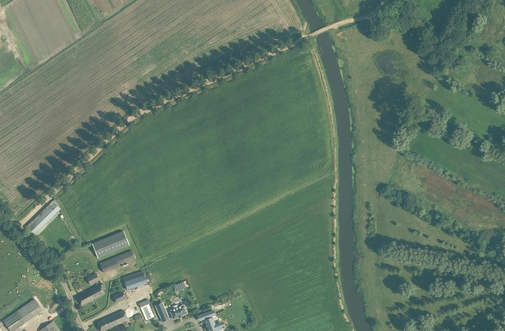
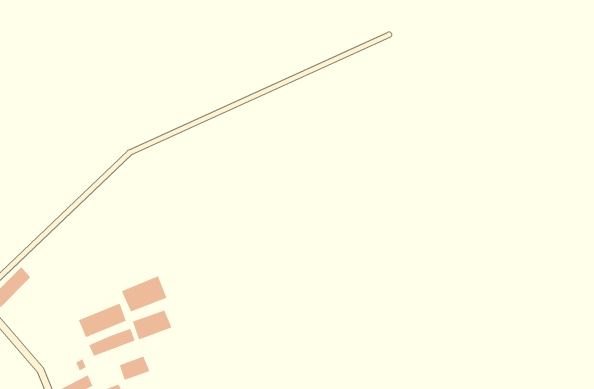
building: none -> [121,275,167,313]
building: none -> [132,309,172,341]

